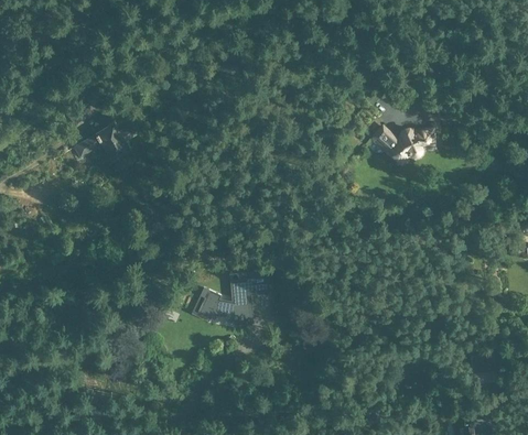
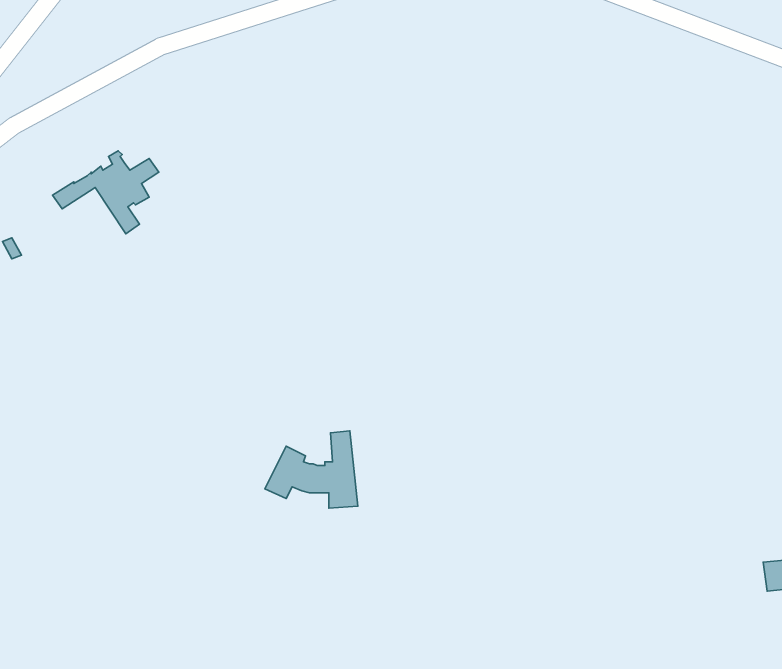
building: [376,117,409,159] -> none

